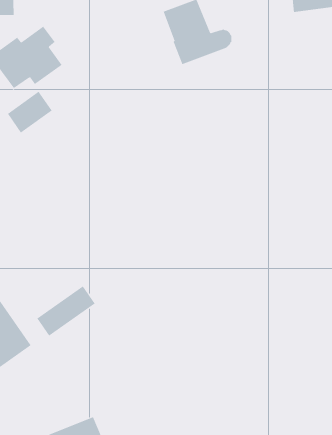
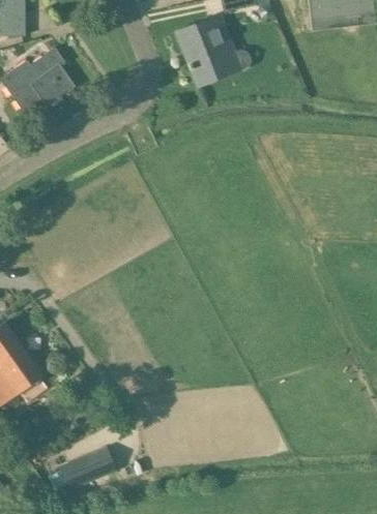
building: [7,91,53,133] -> none
building: [36,286,95,337] -> none

